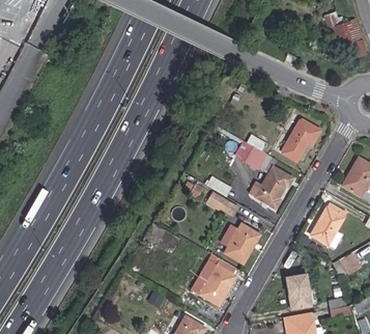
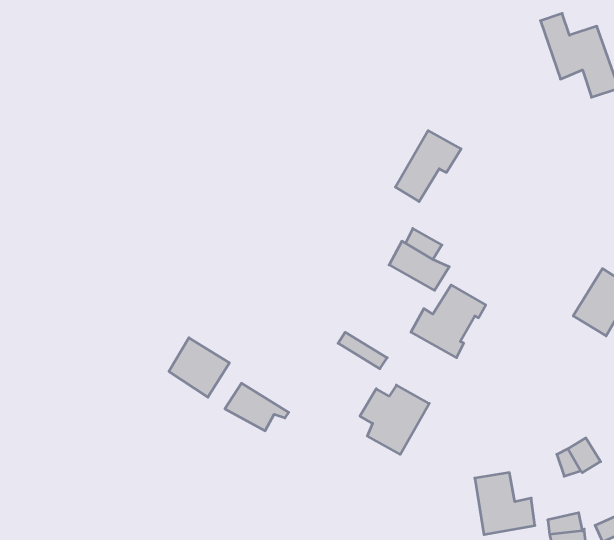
building: [283,119,320,160] -> [395,131,461,202]
building: none -> [169,338,229,397]
building: [311,201,346,244] -> none
building: [200,260,235,304] -> none

